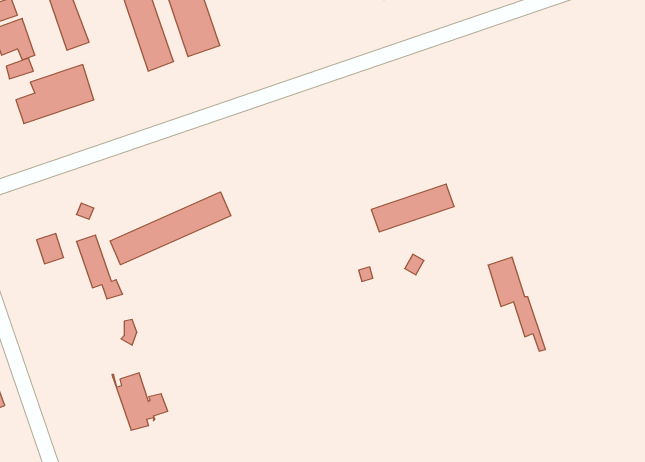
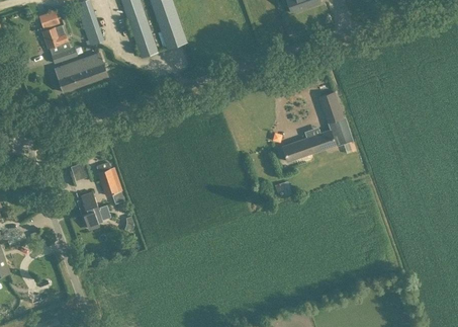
building: [110,192,231,265] -> none
building: [488,257,545,351] -> [319,91,356,151]
building: [112,373,168,430] -> [76,191,111,228]

